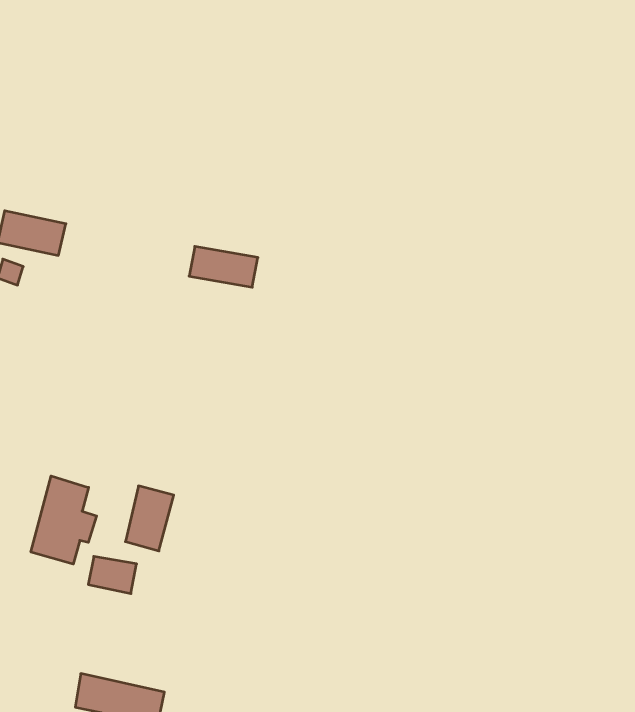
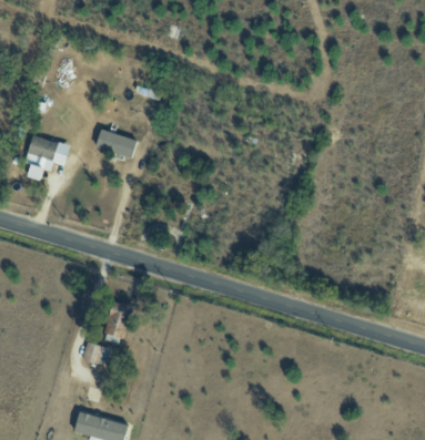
building: [189,246,258,287] -> [95,131,136,155]
building: [31,476,97,564] -> none

